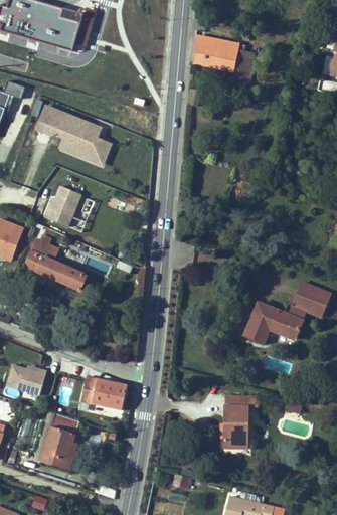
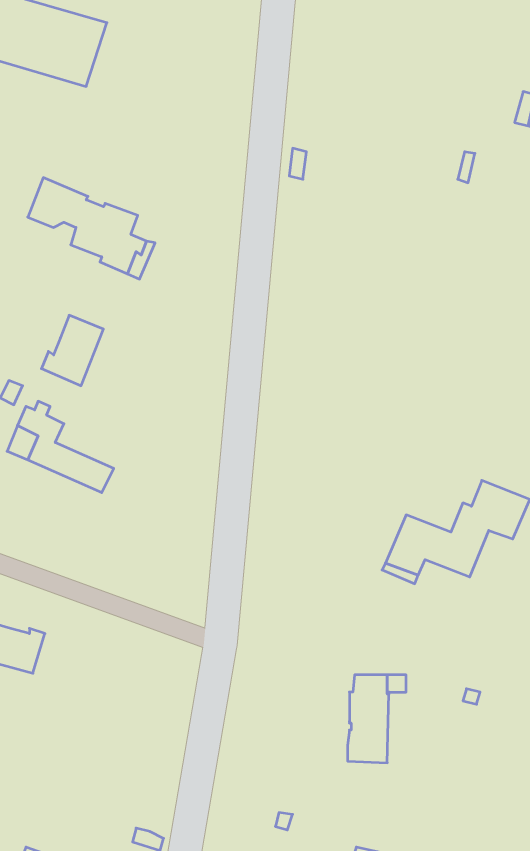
building: [193,35,255,83] -> none
building: [80,375,127,409] -> none
building: [33,410,95,468] -> none

